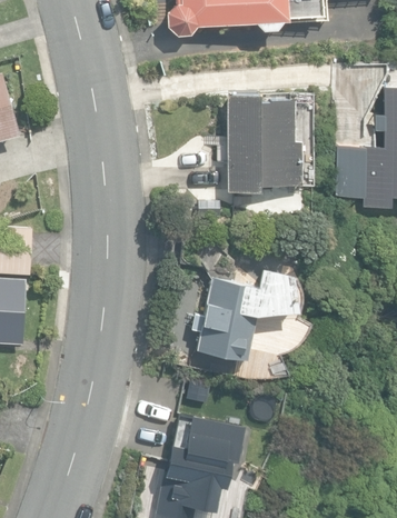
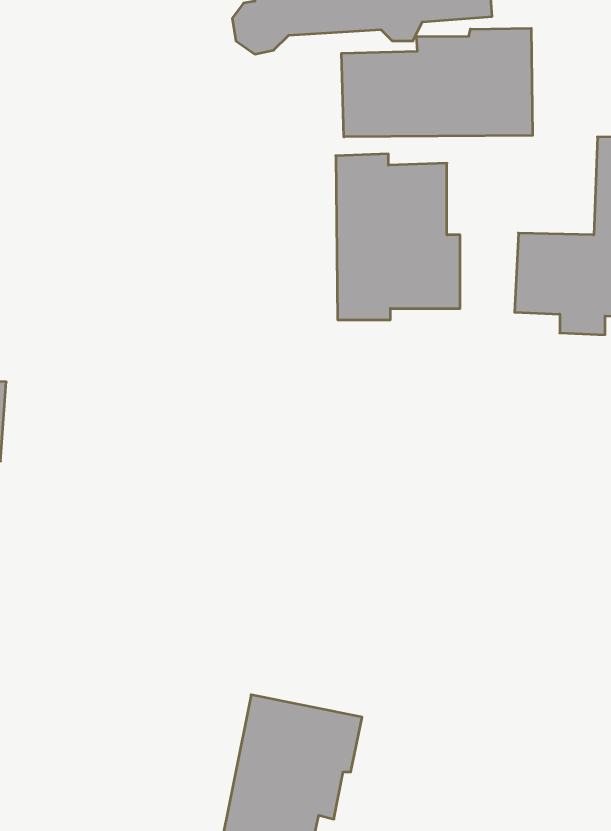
building: none -> [342,28,533,137]
building: [192,265,297,360] -> none

